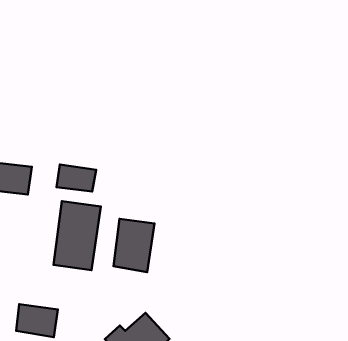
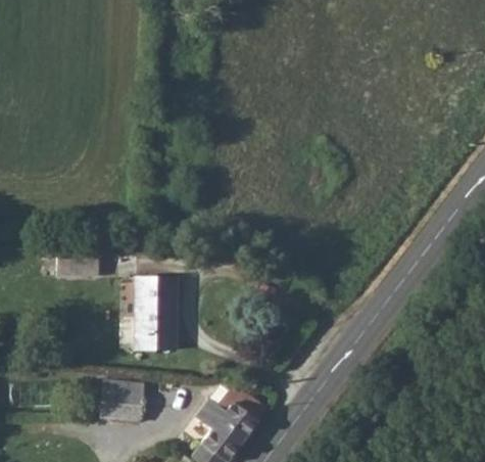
building: [57,165,96,192] -> none
building: [114,219,154,272] -> none

